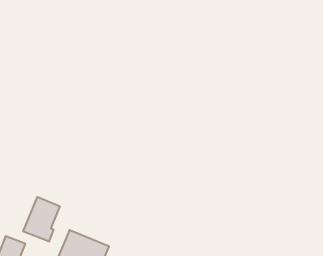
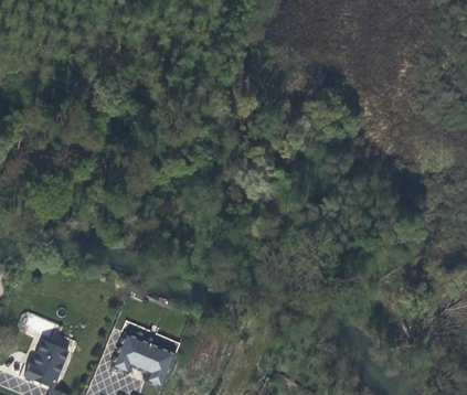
building: [23,197,60,242] -> none

